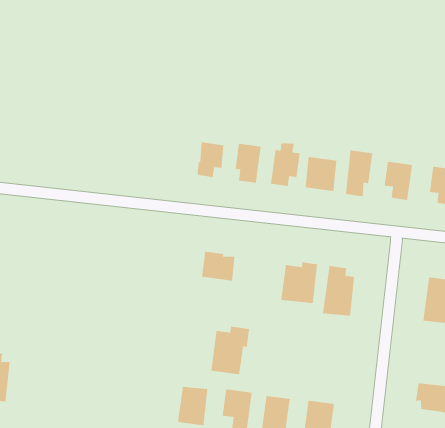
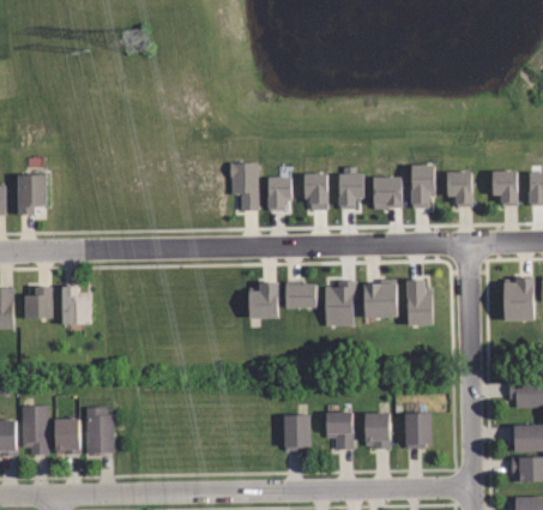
building: none -> [229,163,258,210]
building: none -> [248,284,277,319]
building: [210,326,250,375] -> [324,281,356,326]

